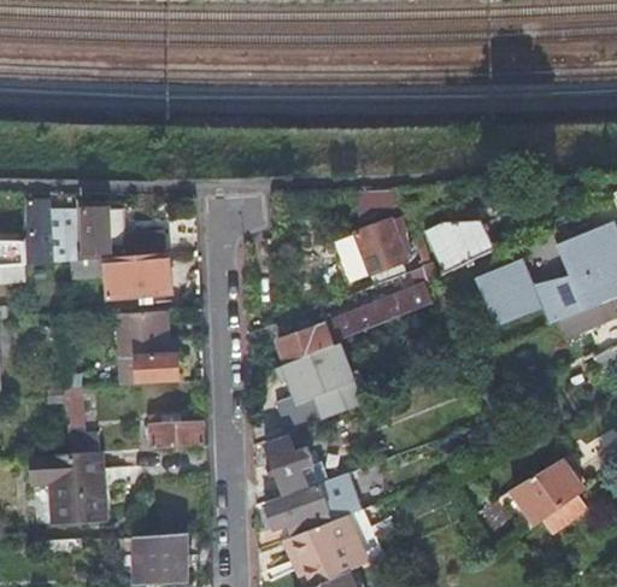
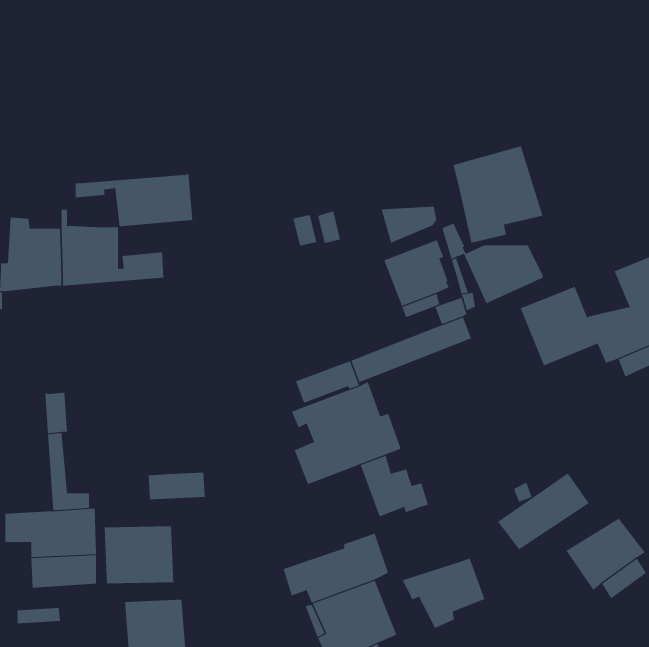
building: none -> [453,146,543,244]
building: [66,250,170,297] -> [75,173,193,227]
building: [113,309,175,383] -> none
building: none -> [497,472,589,550]
building: [266,438,327,492] -> [360,455,429,517]
building: none -> [104,525,174,584]
building: none -> [402,558,485,629]

